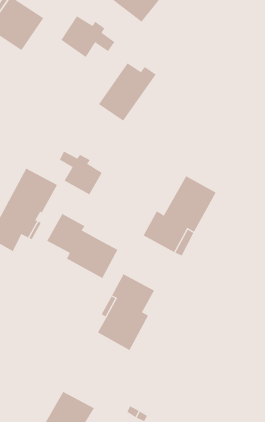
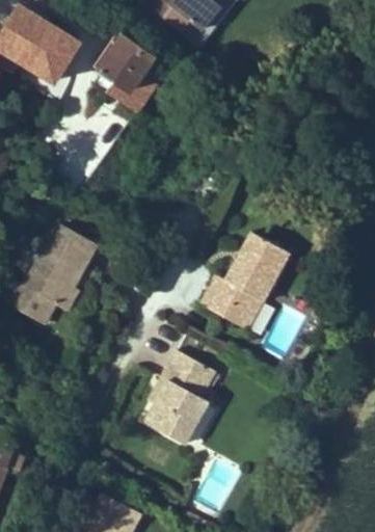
building: [98,63,156,121] -> none
building: [59,151,102,195] -> none
building: [47,213,118,279] -> none

